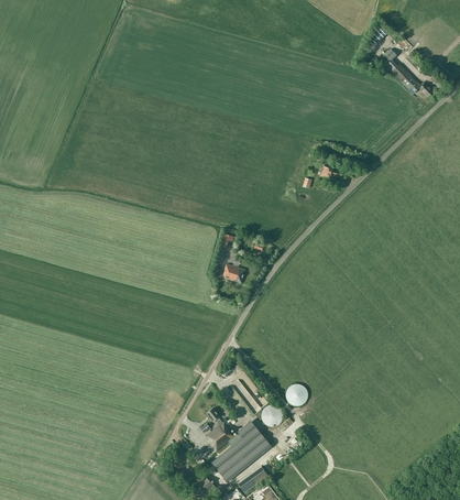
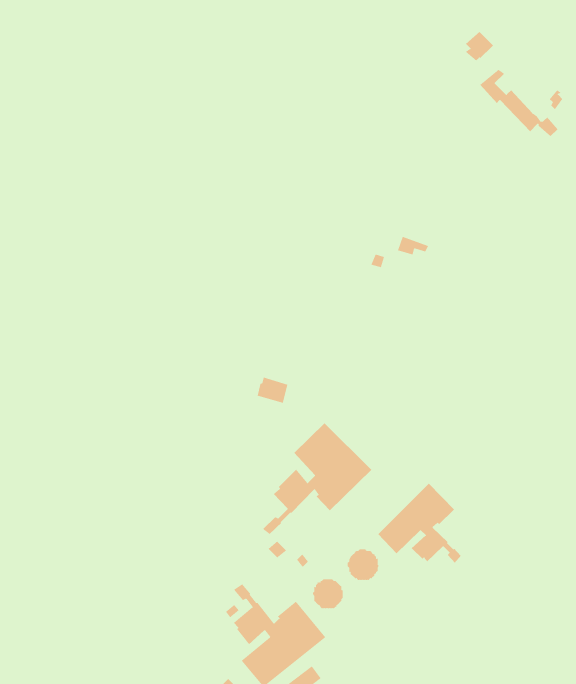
building: none -> [262,422,372,535]
building: none -> [377,483,462,564]

